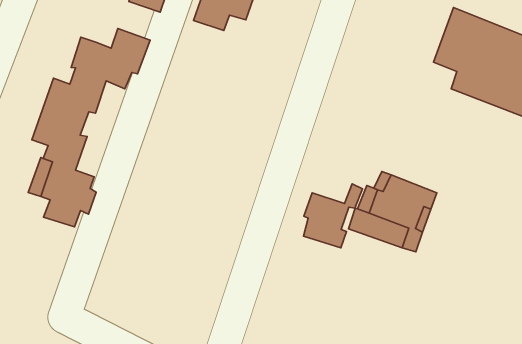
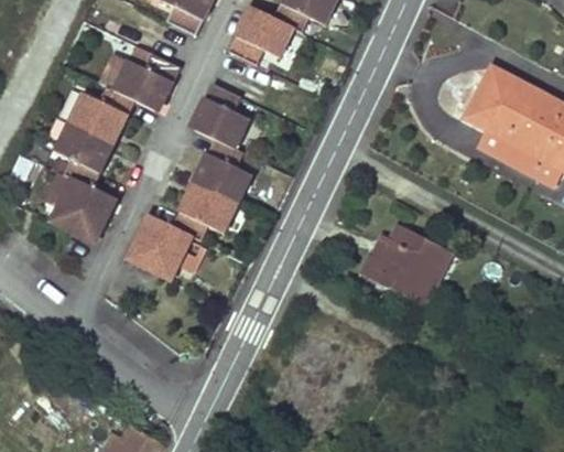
building: none -> [132,79,251,279]
building: [303,184,362,248] -> none

